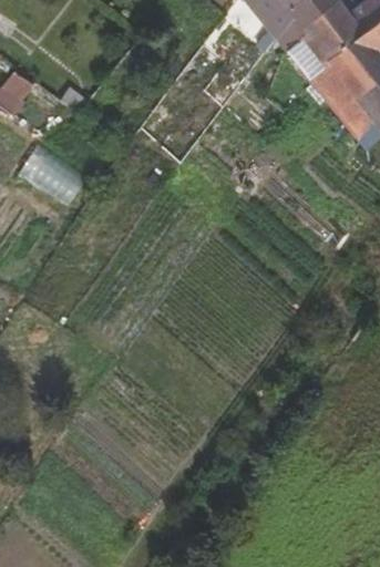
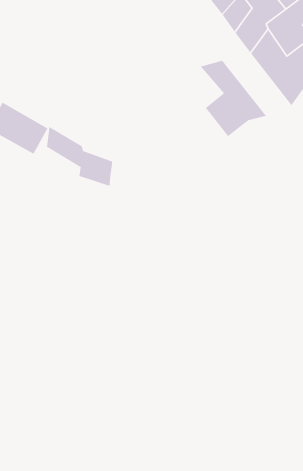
building: none -> [200,60,267,137]
building: none -> [46,126,113,187]

